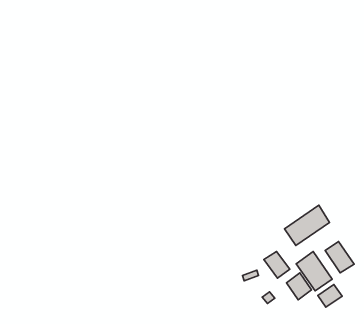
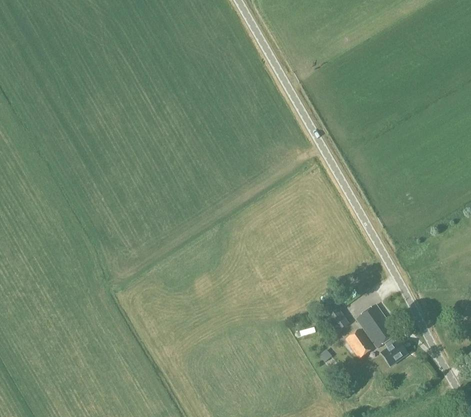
building: [284,205,330,245] -> none
building: [325,241,354,273] -> none

